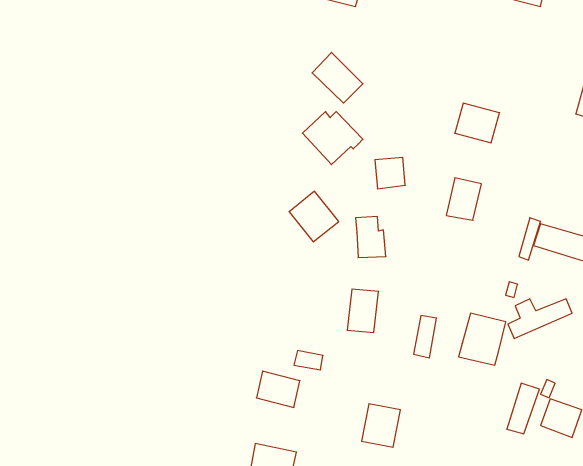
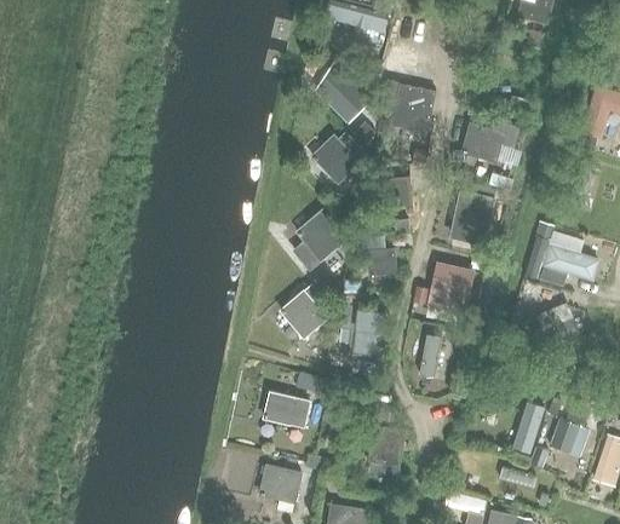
building: none -> [388,84,434,132]
building: none -> [280,286,334,339]
building: [459,313,506,365] -> [426,263,473,315]

